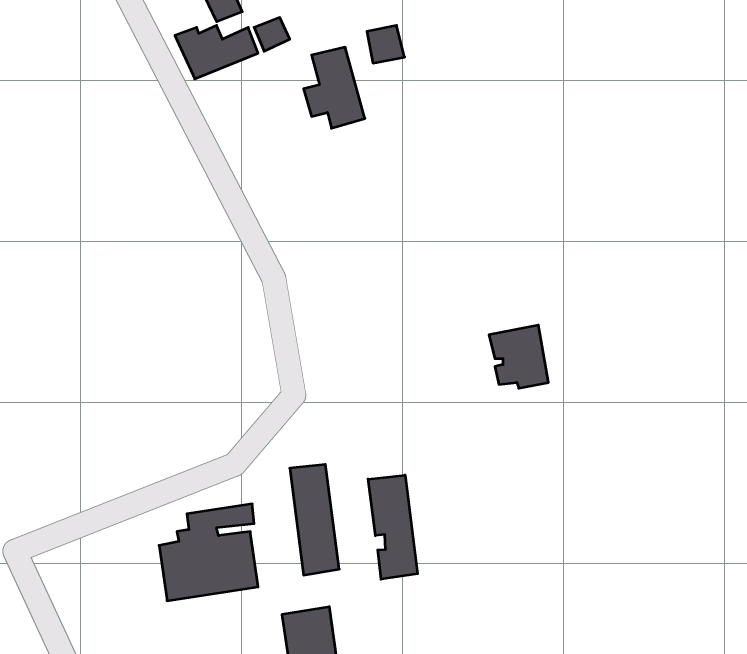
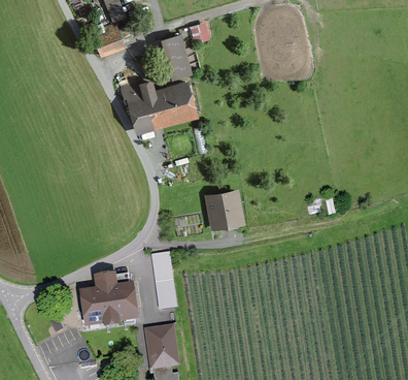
building: none -> [122,81,194,127]
building: [489,325,548,388] -> [209,191,240,224]
building: [368,475,418,579] -> none

